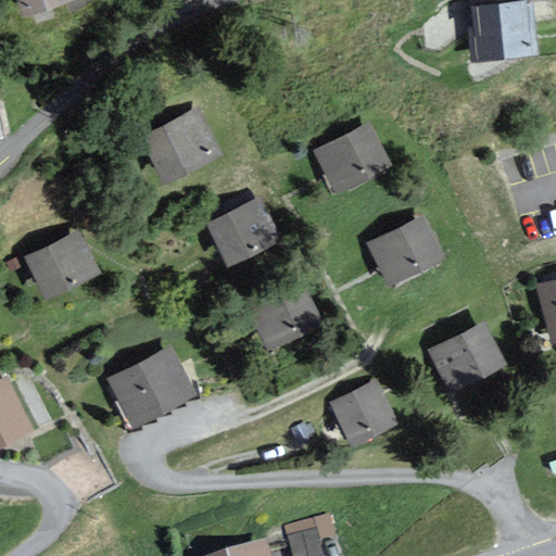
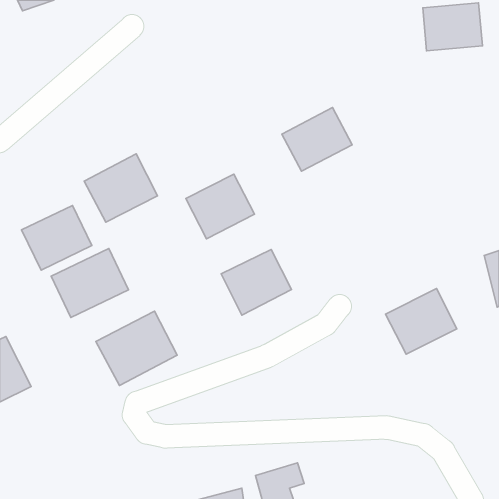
building: [140,106,222,182] -> [84,154,158,222]
building: [367,213,446,286] -> none
building: none -> [51,249,128,318]
building: [328,379,397,447] -> none

